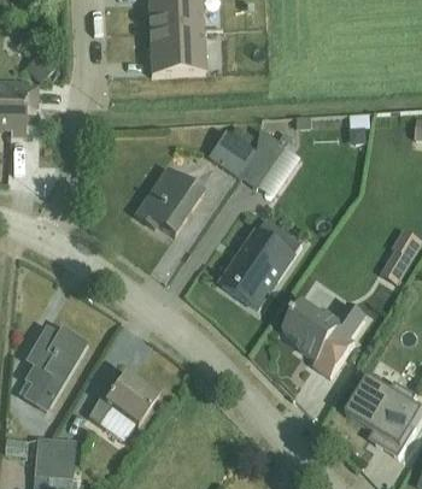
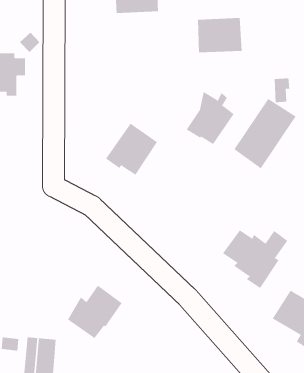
building: [148,28,205,72] -> [197,17,242,53]
building: [206,124,253,176] -> none
building: [222,219,301,308] -> [233,98,297,169]
building: [22,326,83,410] -> none

